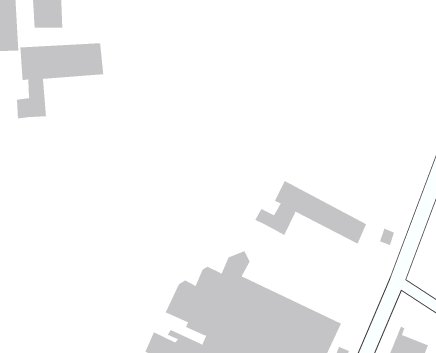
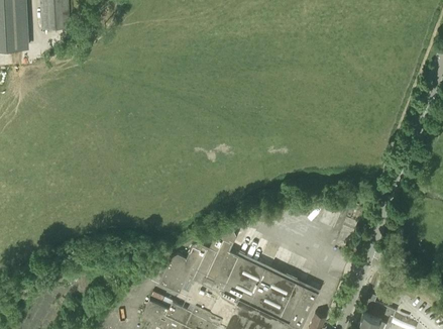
building: [16,43,104,119] -> none
building: [255,180,367,244] -> none

